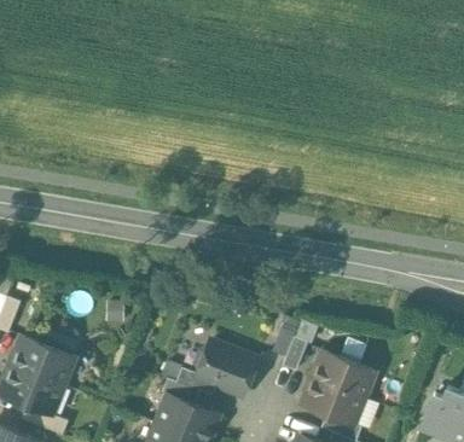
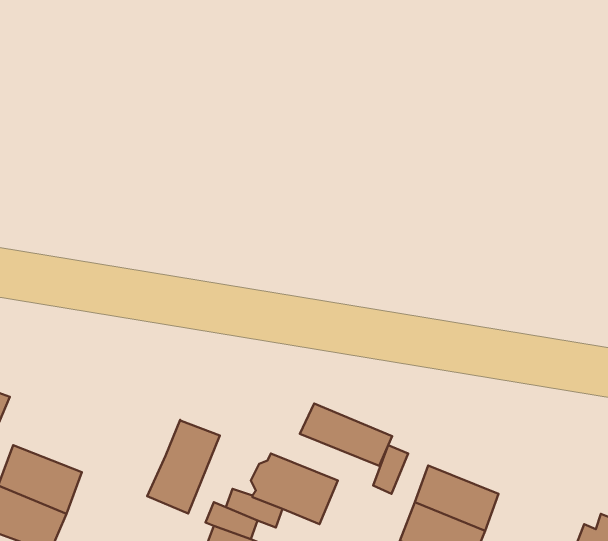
building: none -> [300,404,392,466]
building: none -> [147,420,220,513]

